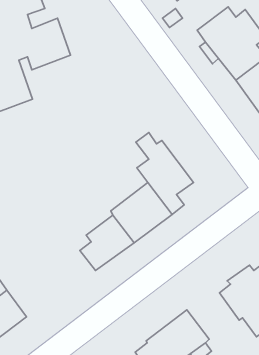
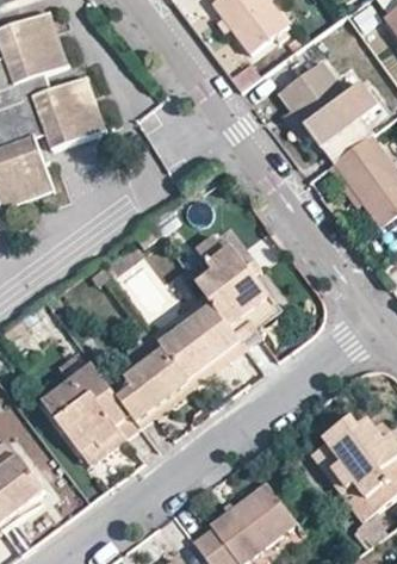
building: none -> [41,362,138,464]

